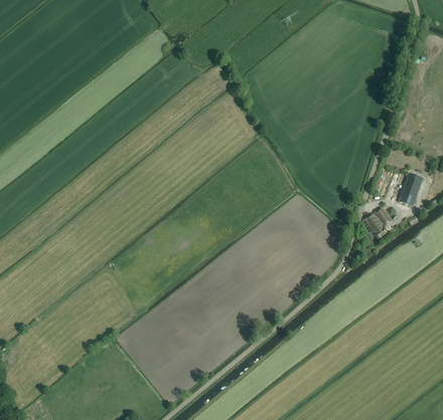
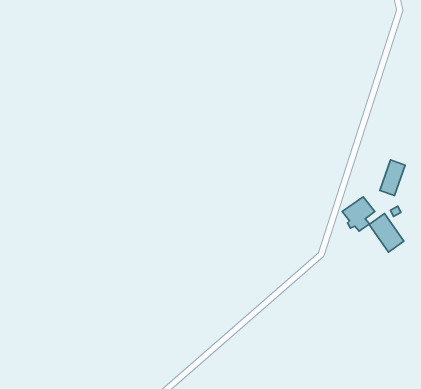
building: none -> [369,214,404,252]

